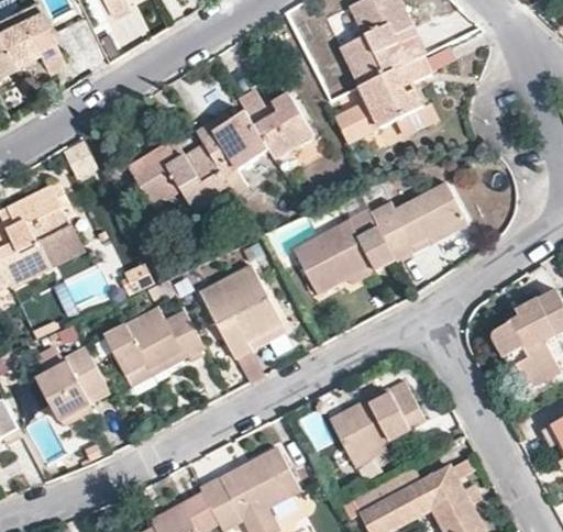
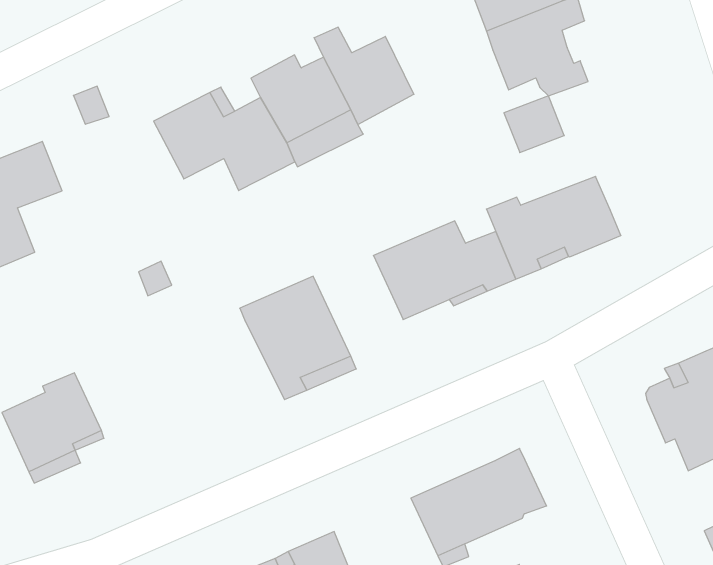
building: [335,98,379,140] -> [504,96,564,153]
building: [36,219,81,264] -> none
building: [106,310,202,375] -> none

